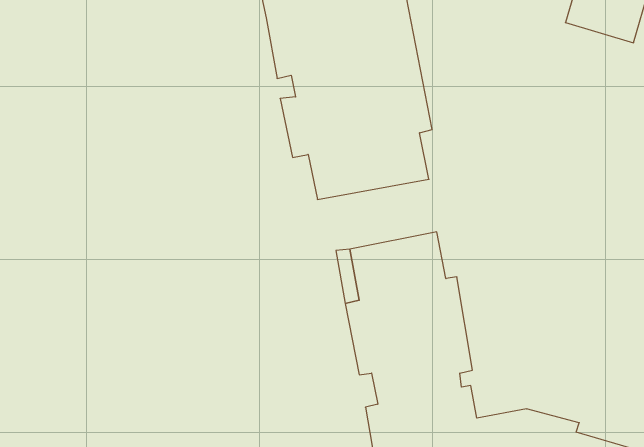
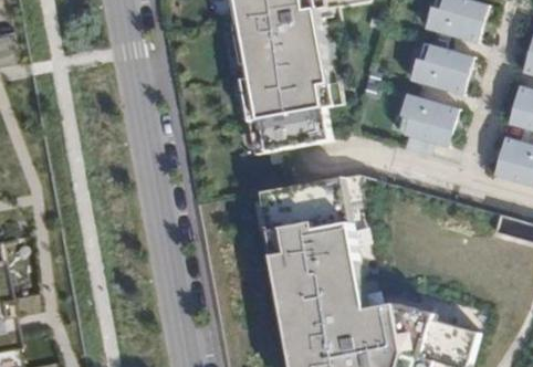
building: none -> [410,41,471,94]
building: none -> [396,93,456,145]

